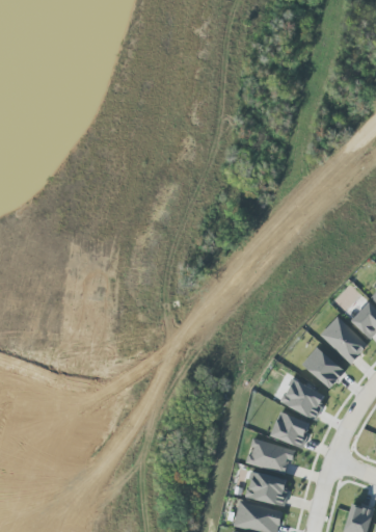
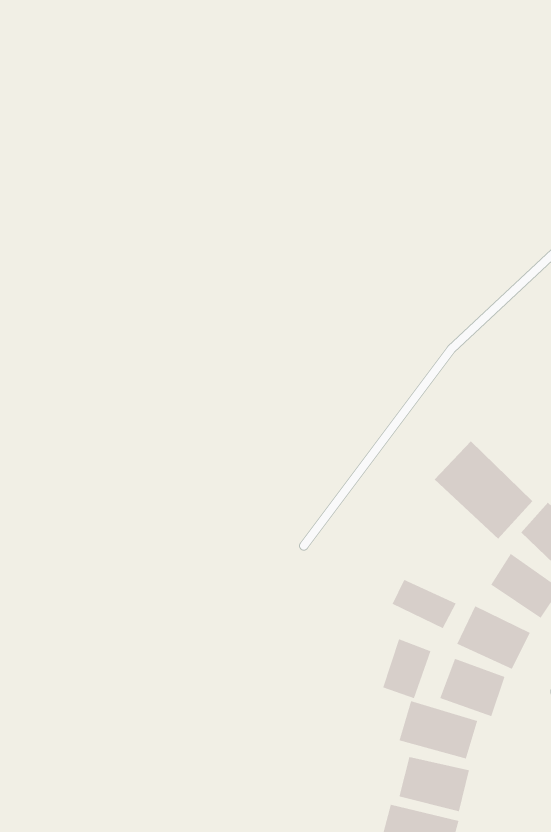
building: none -> [434,440,533,539]
building: none -> [392,579,457,629]
building: none -> [382,638,432,699]

